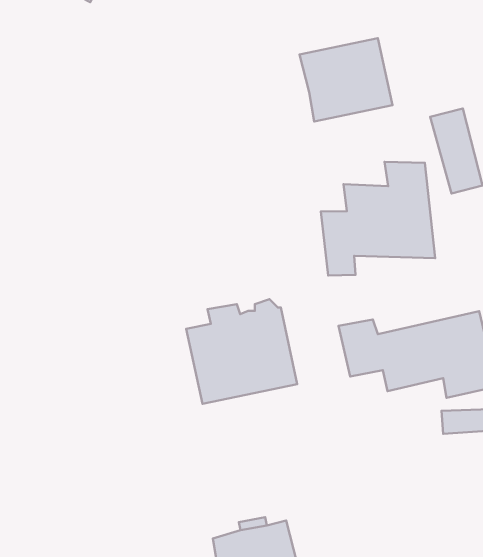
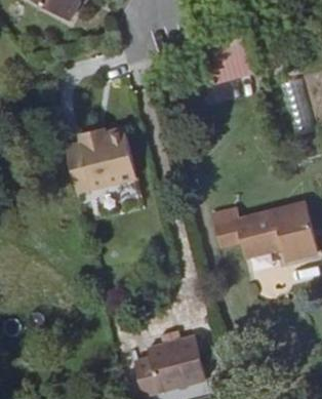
building: [321,162,435,276] -> none
building: [186,299,297,404] -> [66,127,135,193]

